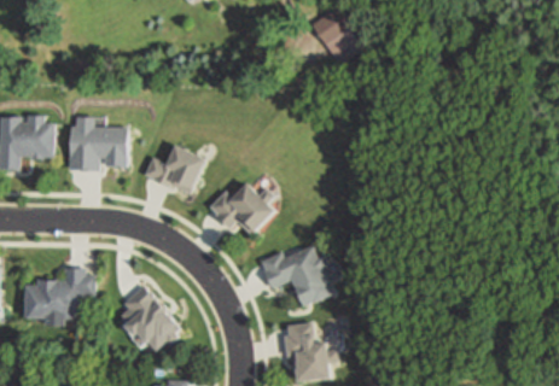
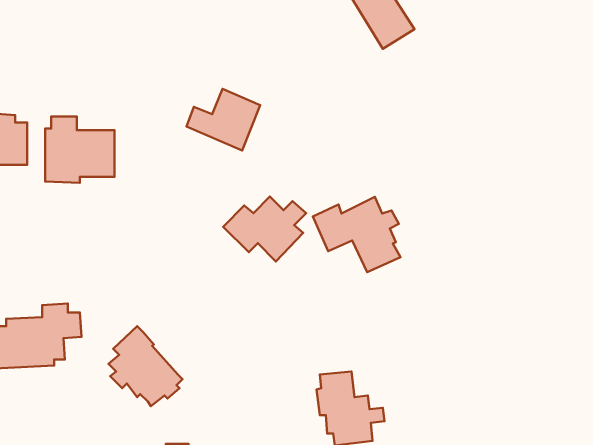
building: [145,145,204,194] -> [186,89,260,151]
building: [261,245,331,305] -> [313,197,400,272]

